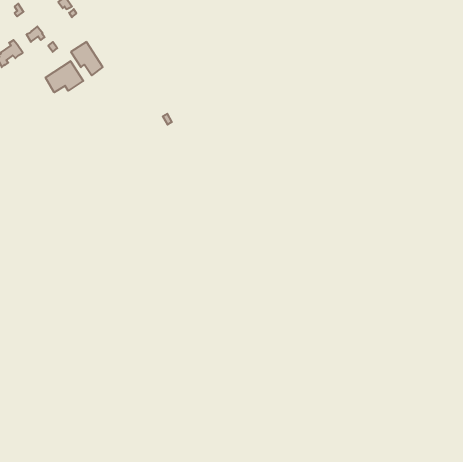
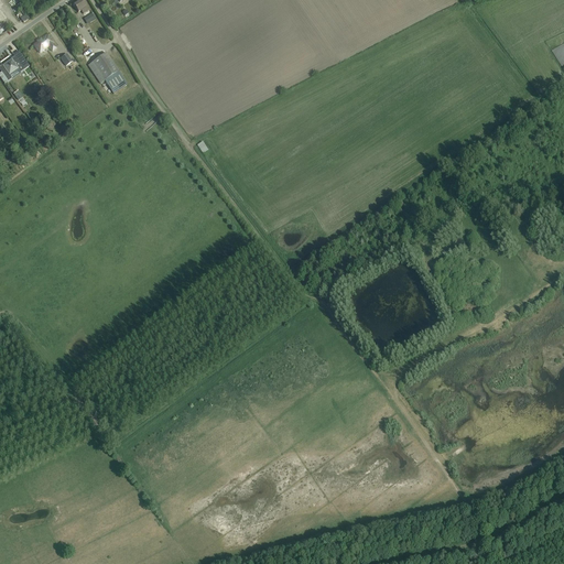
building: [46,61,83,92] -> none

